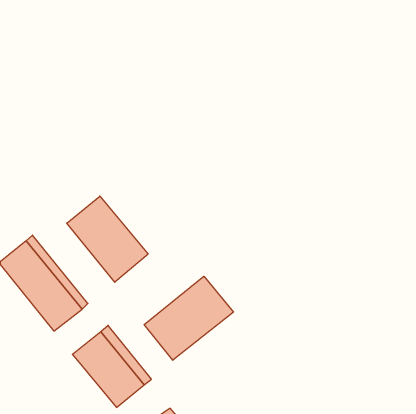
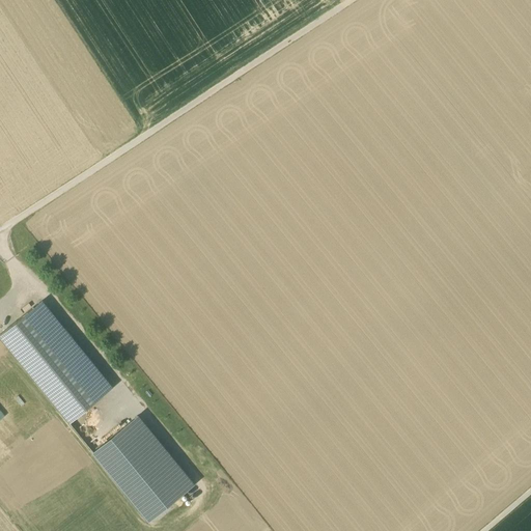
building: [67,196,148,282] -> none
building: [144,276,233,360] -> none

